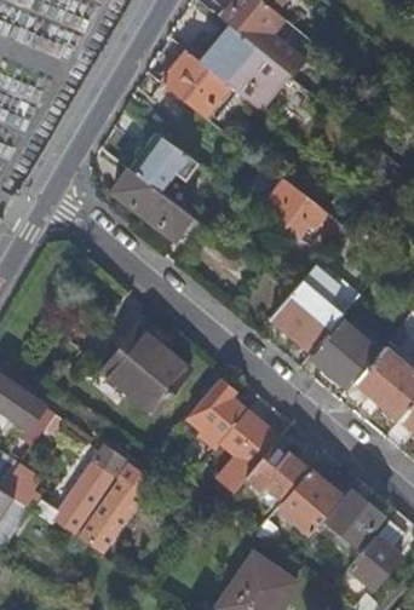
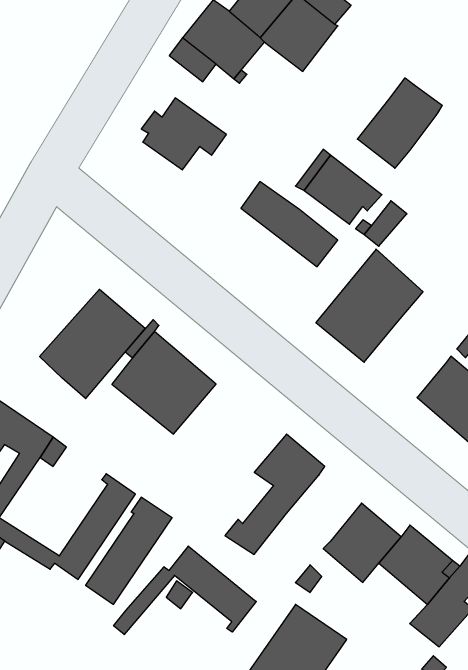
building: none -> [357,78,442,168]
building: [113,169,192,240] -> [241,182,338,267]
building: none -> [40,289,145,399]
building: [309,317,379,387] -> none
building: [186,378,247,448] -> none
building: [247,444,309,499] -> none
building: none -> [114,546,256,635]

